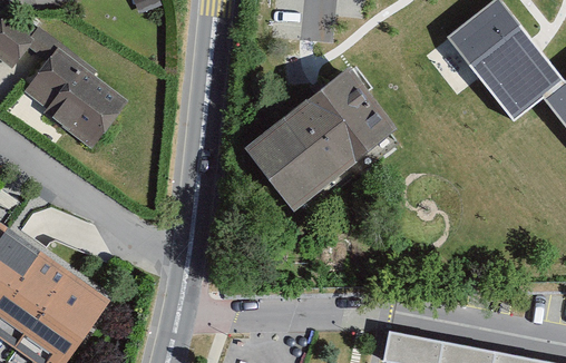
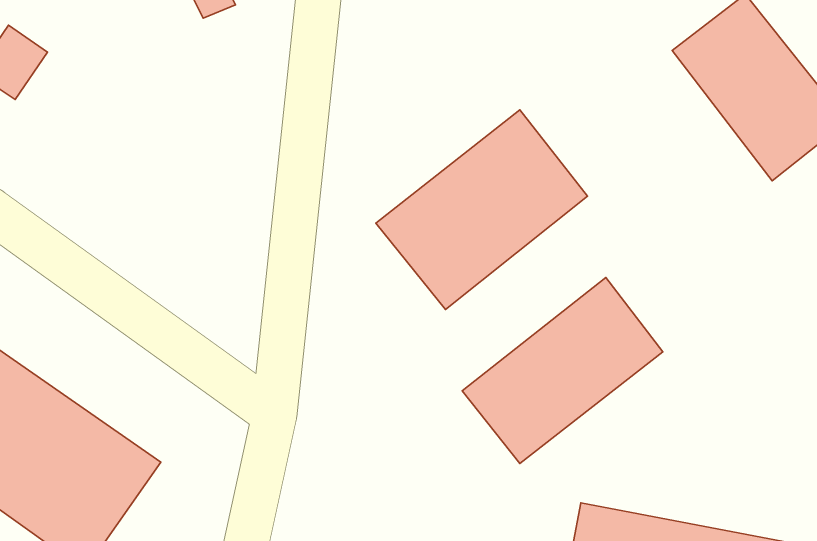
building: [29,56,120,141] -> none
building: none -> [462,278,663,463]

